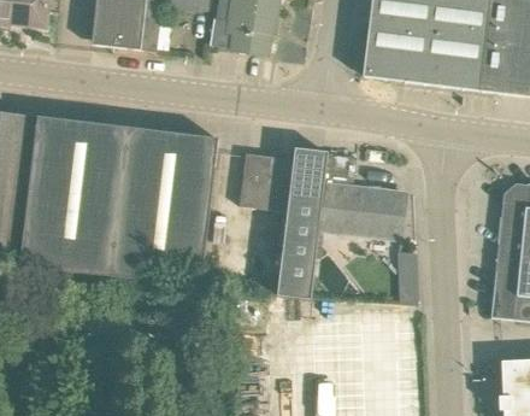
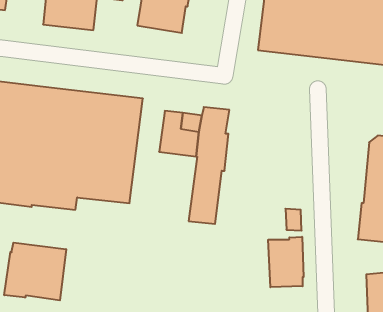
building: [323,152,405,252] -> none
building: none -> [268,237,303,287]
building: none -> [4,243,66,300]

